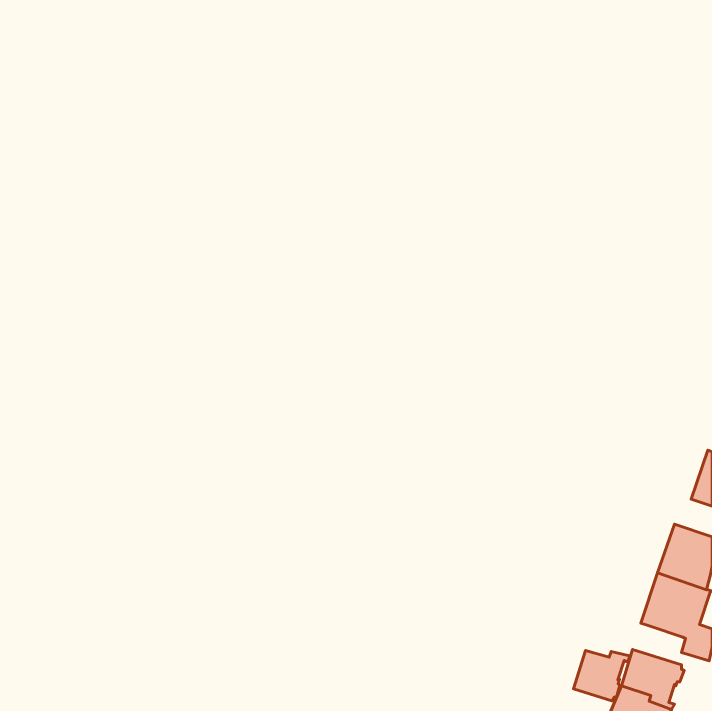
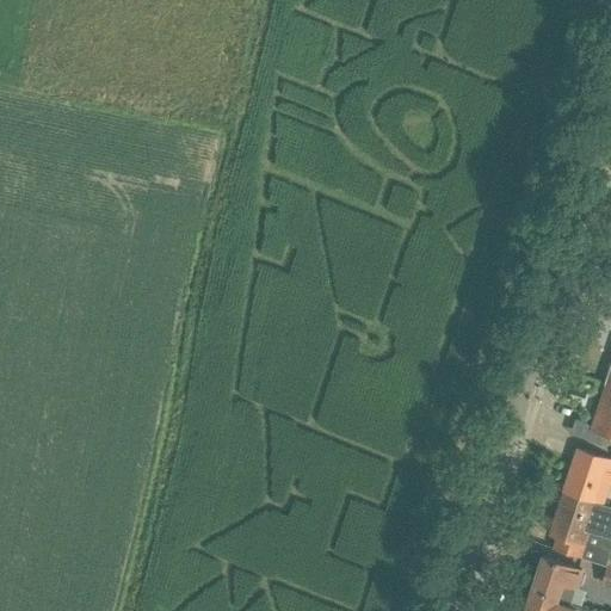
building: [573,650,629,701] -> none

